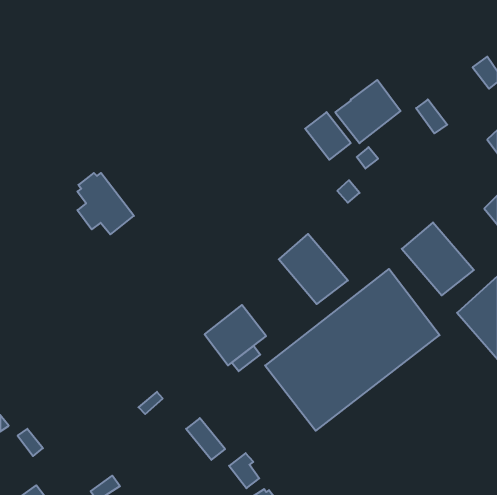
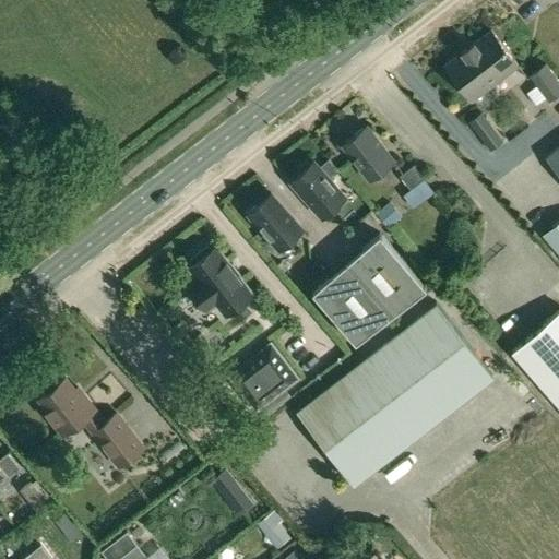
building: [335,80,401,143] -> [445,33,519,104]
building: none -> [292,164,346,219]
building: none -> [249,197,304,252]
building: [77,173,134,234] -> [190,249,253,318]
building: [402,222,474,295] -> [346,236,427,318]
building: none -> [40,380,144,468]

